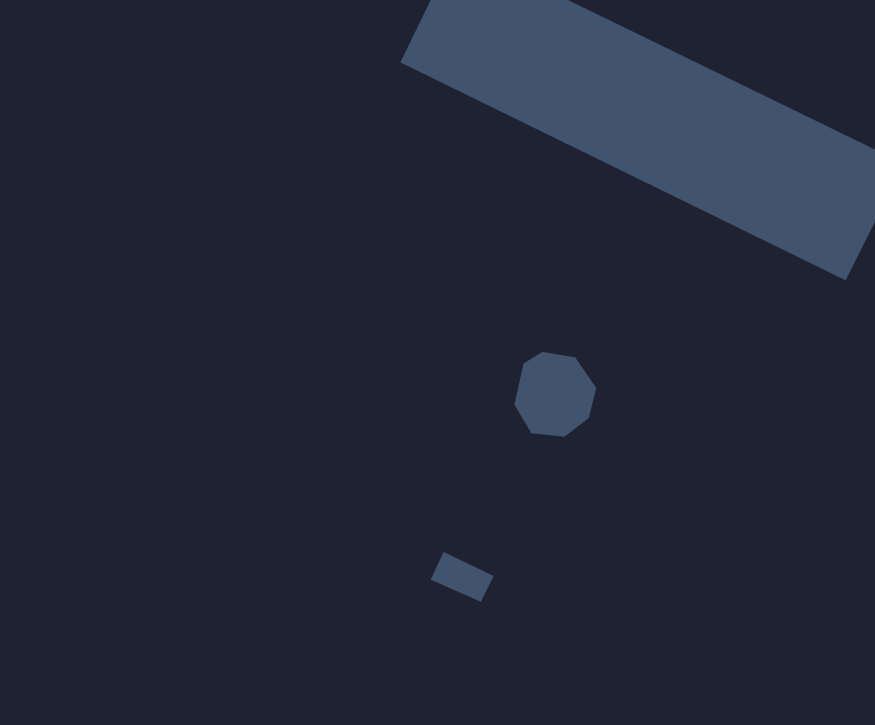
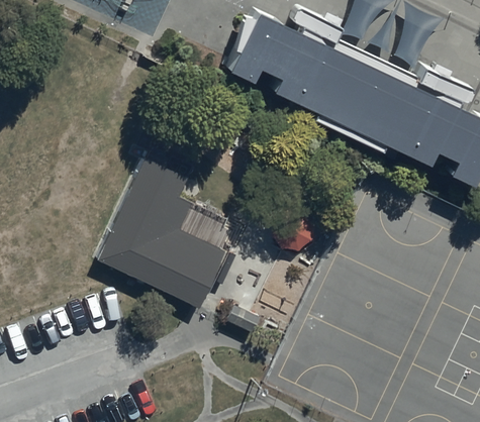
building: none -> [93,155,235,326]

